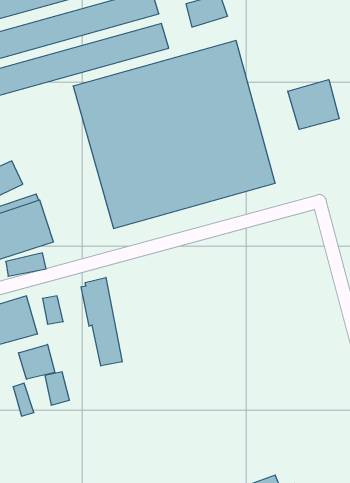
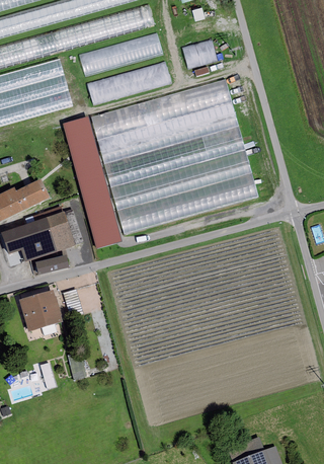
building: [288,80,339,129] -> none
building: none -> [63,118,121,247]
building: [81,277,122,366] -> none
building: [19,344,55,379] -> none

